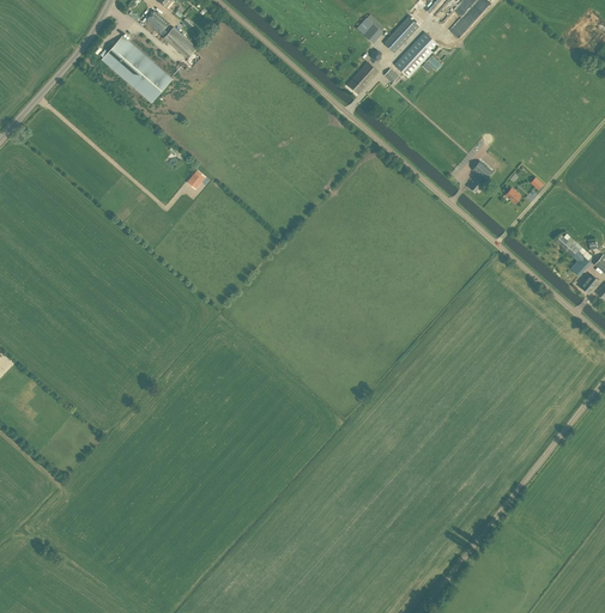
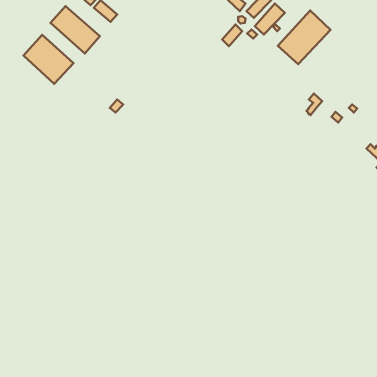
building: none -> [278,10,331,64]
building: none -> [24,35,73,84]

